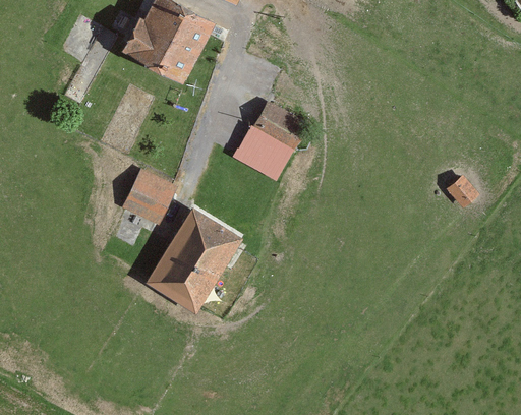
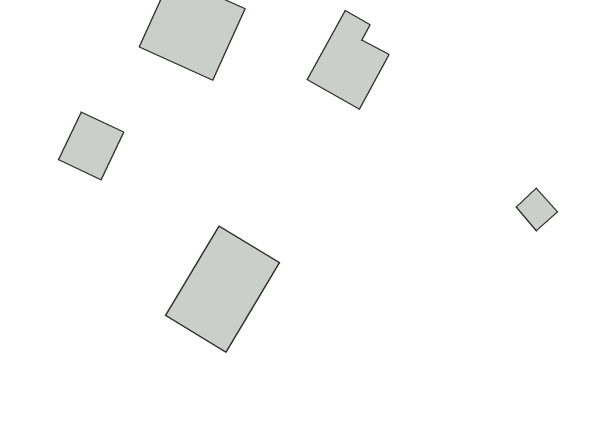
building: [232,99,302,183] -> [307,11,389,109]
building: [120,168,176,226] -> [58,112,124,180]

